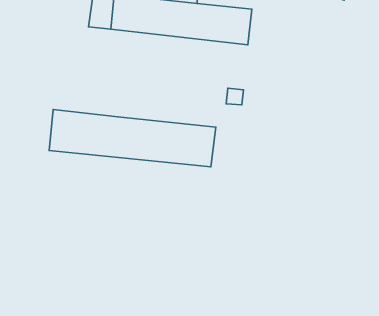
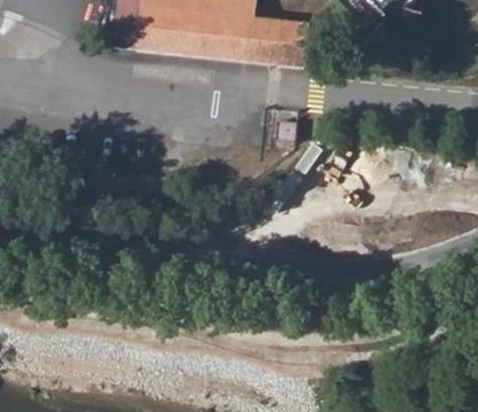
building: [49,110,216,167] -> none

